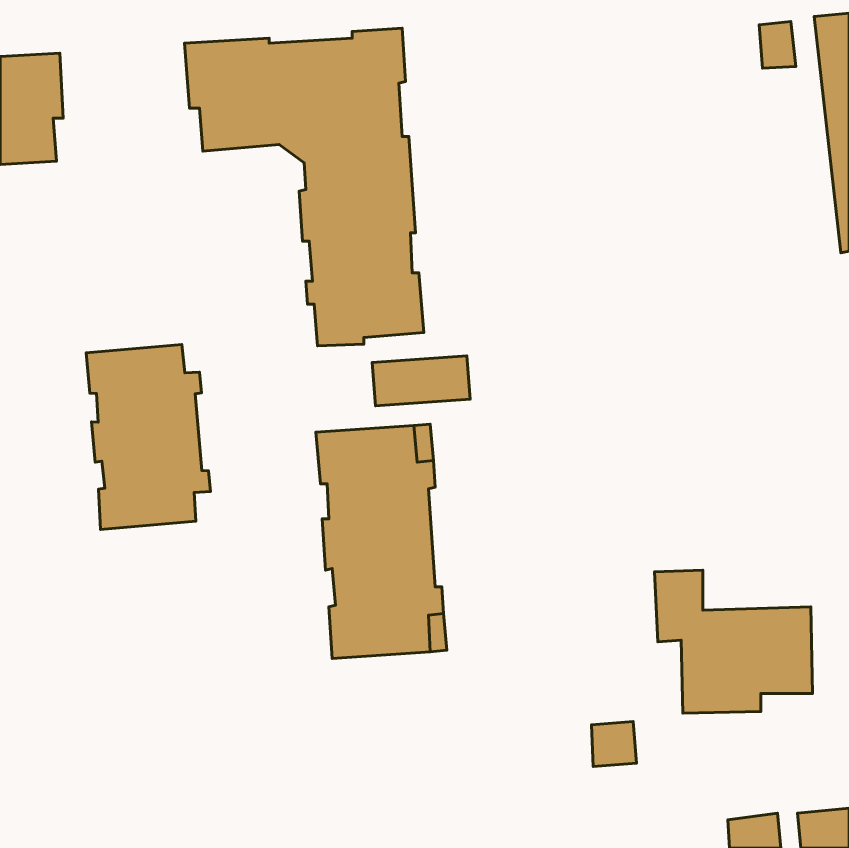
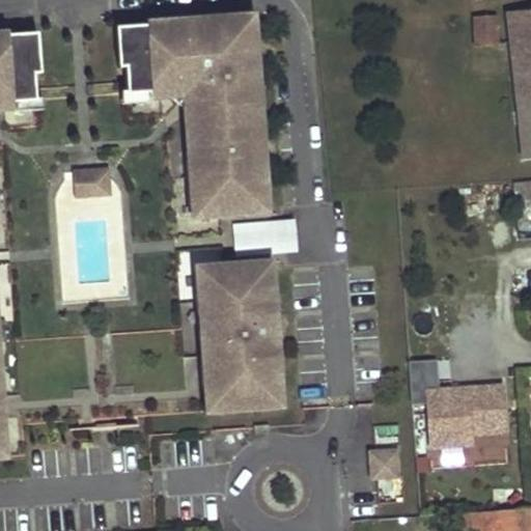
building: none -> [73,168,109,197]
building: [86,345,211,530] -> none

